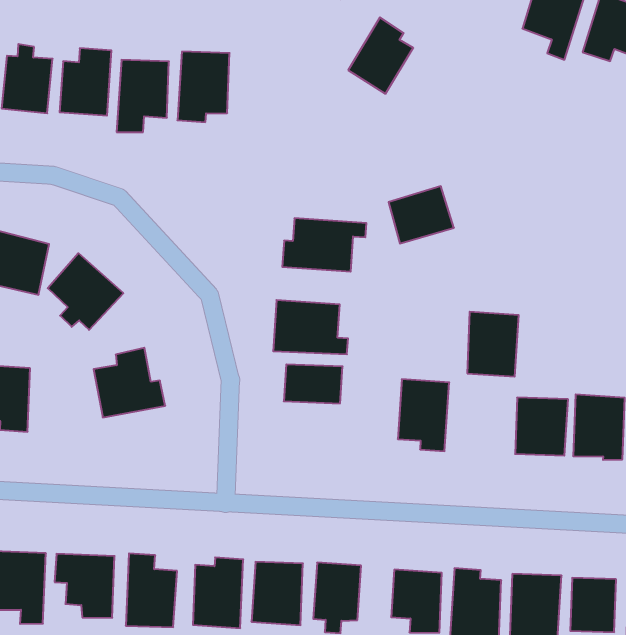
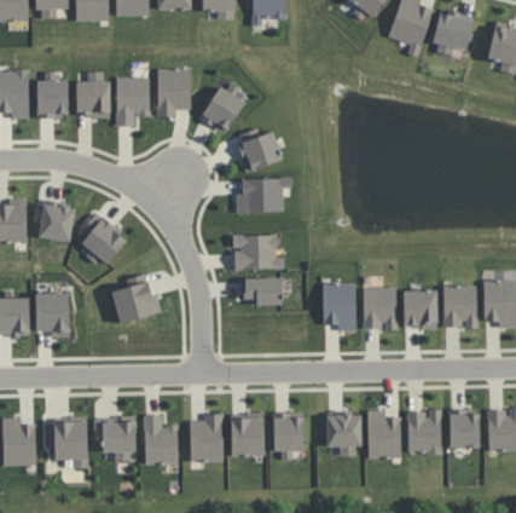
building: [348,17,413,94] -> [201,81,244,133]
building: [389,186,454,244] -> [237,131,283,172]
building: [467,312,519,377] -> [363,287,396,329]

